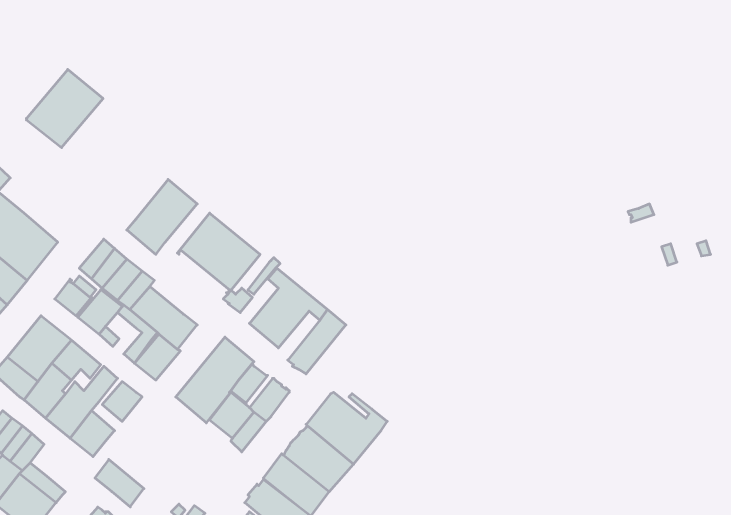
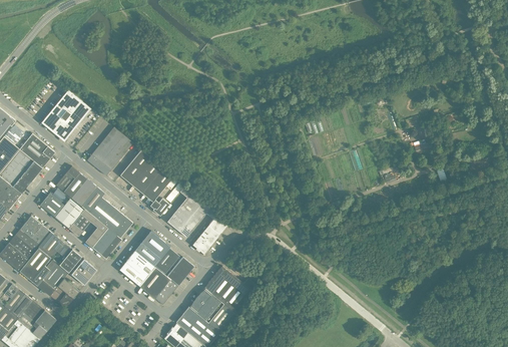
building: [26,69,103,148] -> [40,89,90,140]
building: none -> [19,133,53,167]
building: [95,459,144,507] -> [23,300,55,331]

